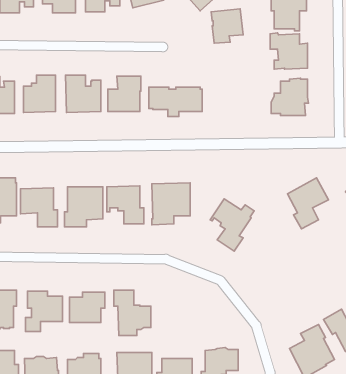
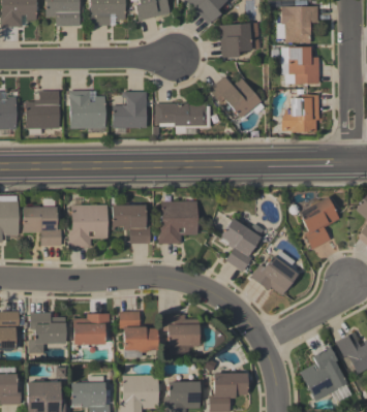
building: none -> [209,76,265,118]
building: none -> [250,251,298,295]
building: none -> [163,315,200,346]

